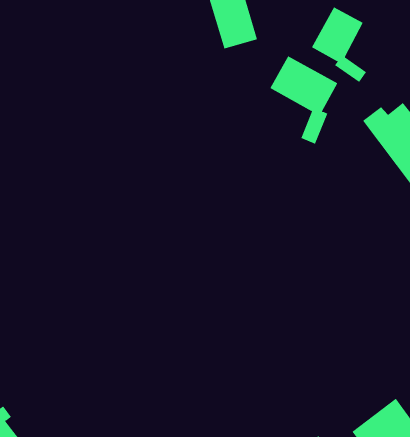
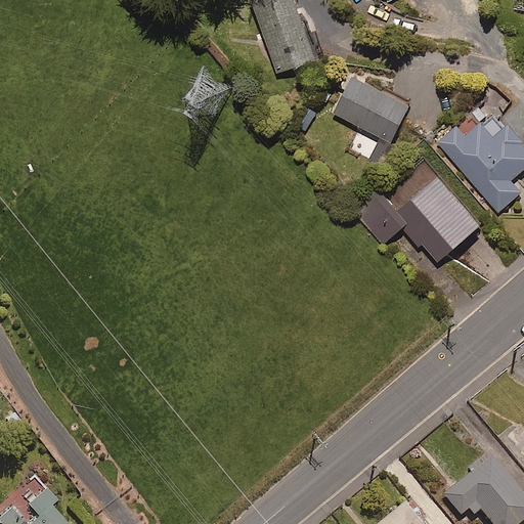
building: [311,7,367,83] -> none
building: none -> [352,163,480,264]

